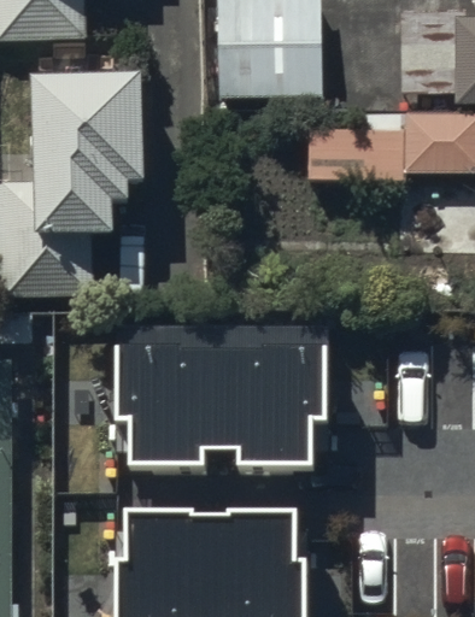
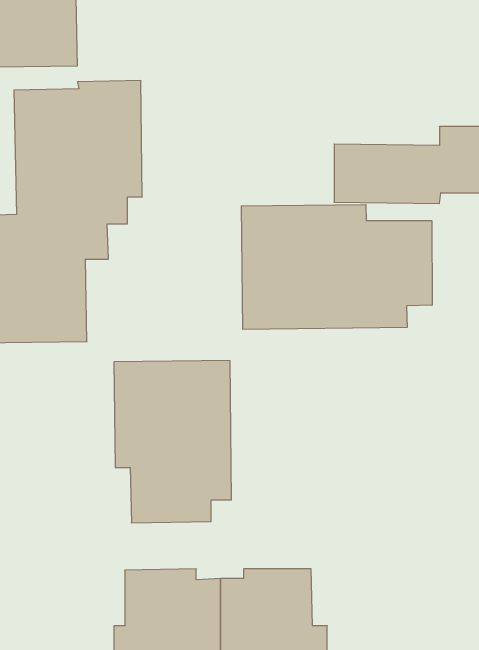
building: [222,7,326,112] -> none
building: none -> [241,205,432,329]
building: [218,322,326,465] -> none

